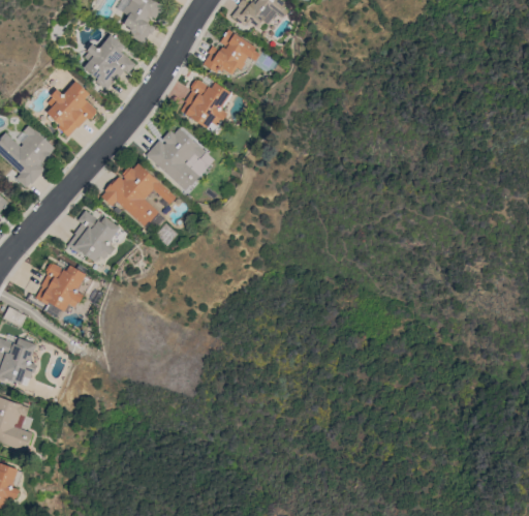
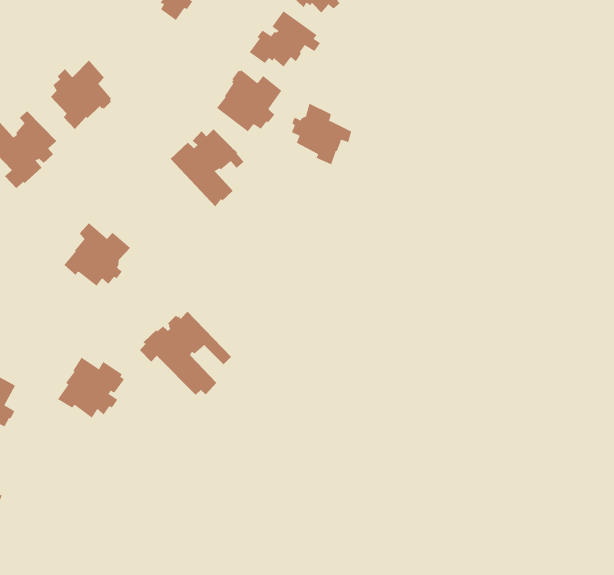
building: [83,34,135,90] -> none
building: none -> [291,103,352,165]
building: [101,162,176,230] -> [139,311,232,396]
building: [35,263,88,311] -> [57,357,125,419]

